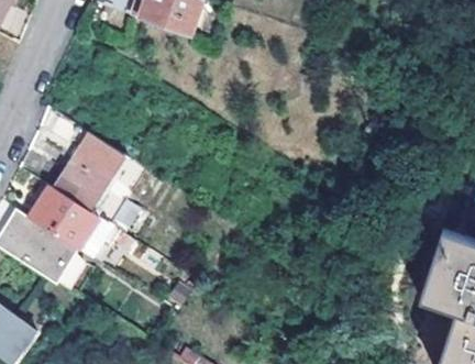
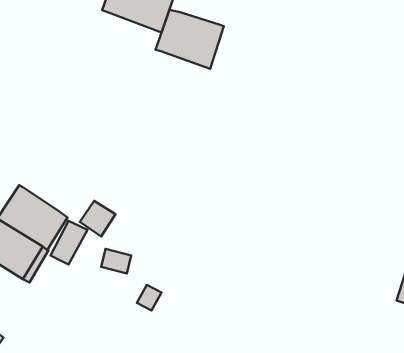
building: none -> [155,10,224,69]
building: [53,132,125,210] -> none

